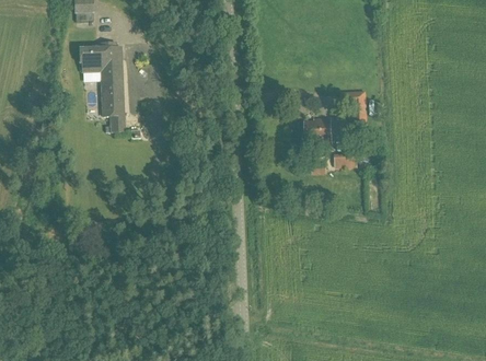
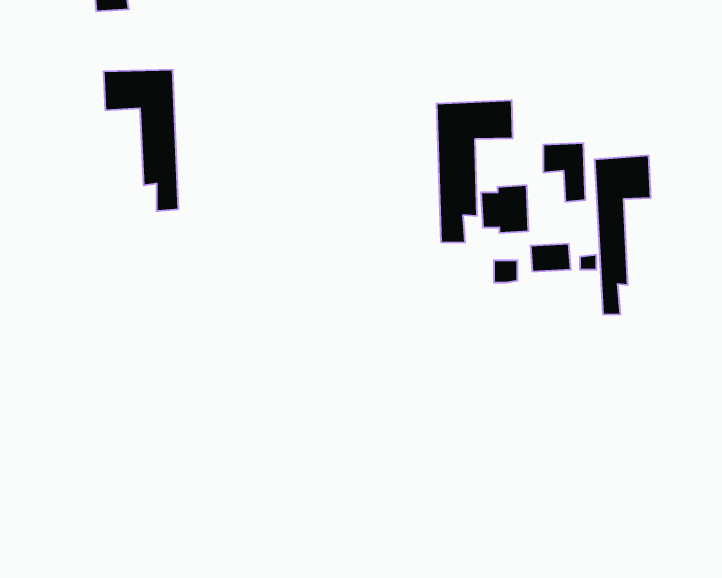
building: none -> [437,100,512,243]
building: none -> [595,155,650,315]

